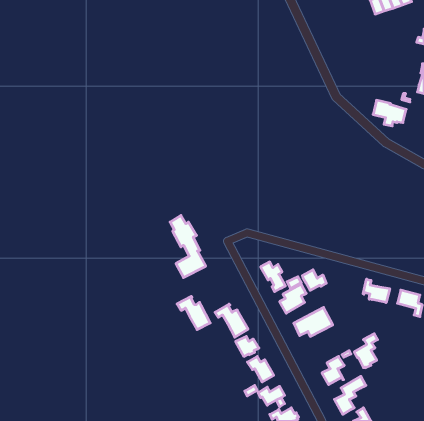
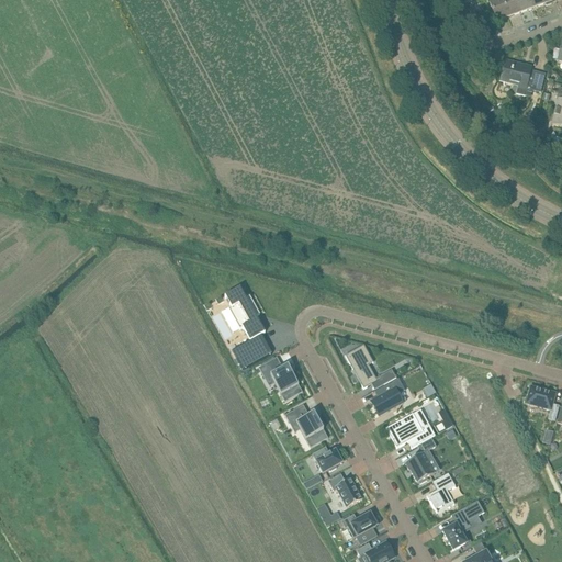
building: [373,100,406,126] -> [501,60,544,94]
building: [302,270,326,290] -> none
building: [363,279,390,303] -> none
building: [177,296,210,330] -> [258,356,302,400]
building: [354,334,378,368] -> [405,437,436,482]

